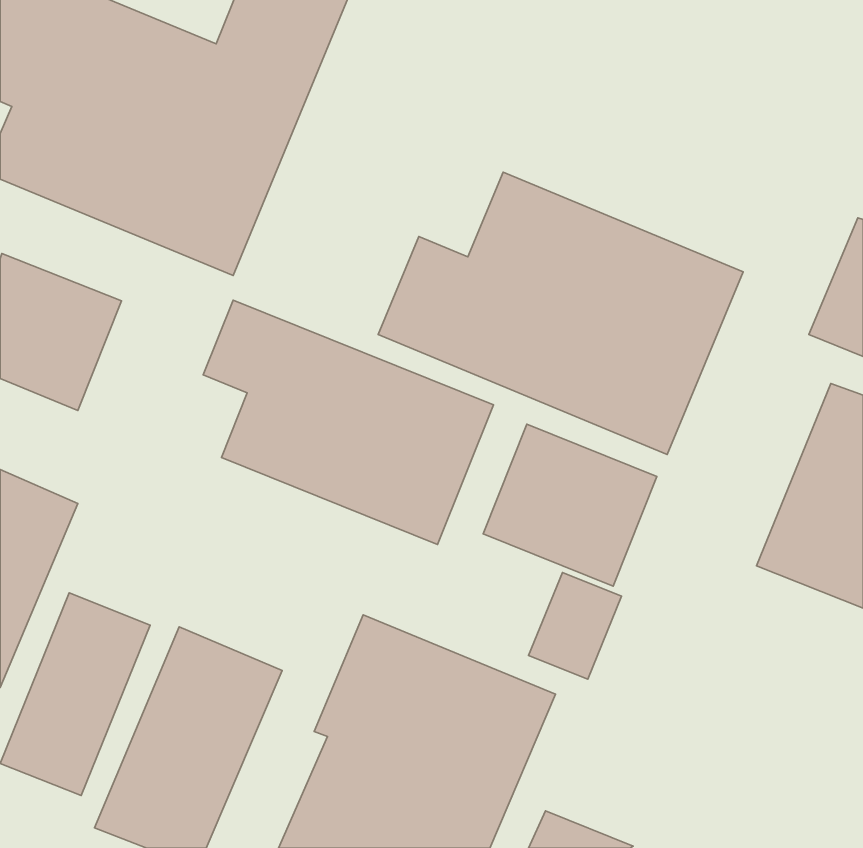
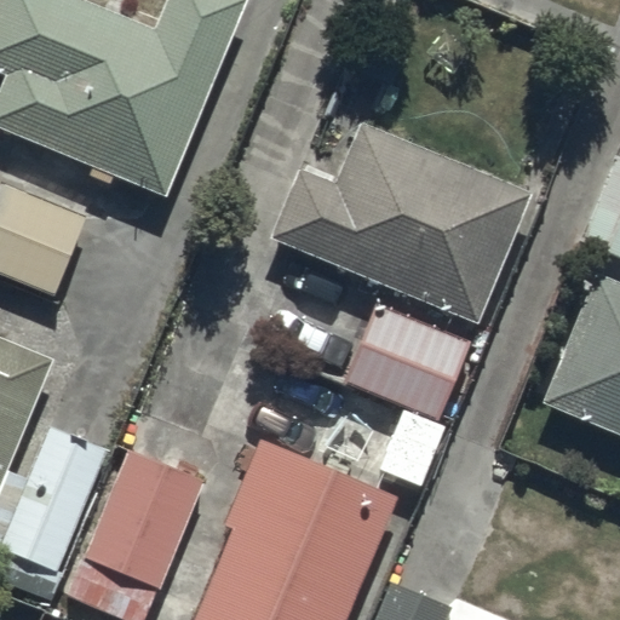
building: [203,300,493,545] -> none

